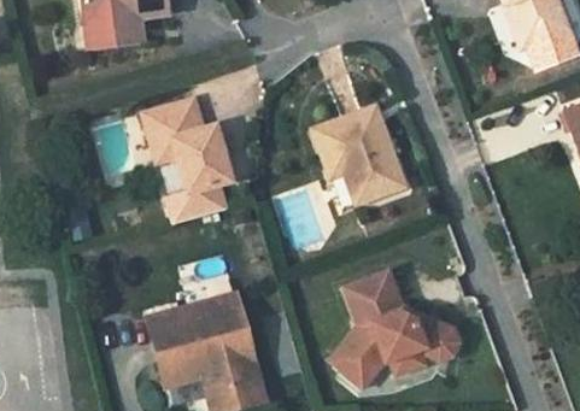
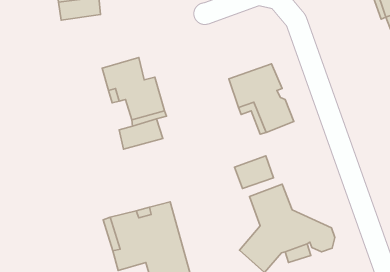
building: none -> [234,156,273,189]

